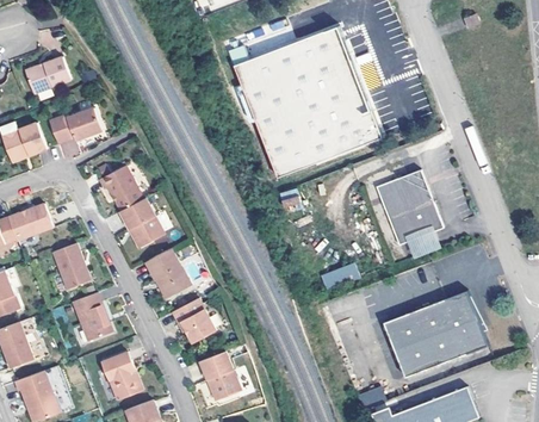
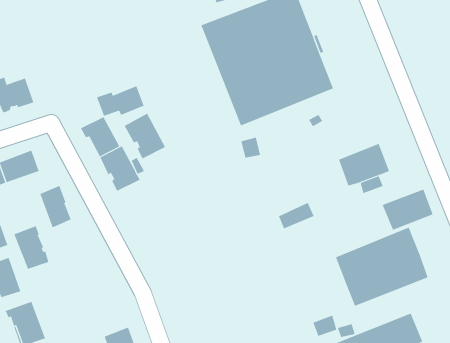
building: [25,57,70,94] -> none
building: [50,106,104,141] -> [96,85,144,117]
building: [373,167,430,213] -> [382,189,434,231]
building: [145,248,192,299] -> [124,113,166,159]
building: [73,292,112,341] -> [14,226,49,270]
building: [174,297,218,343] -> none
building: [103,352,143,399] -> none
building: [200,352,241,401] -> none

